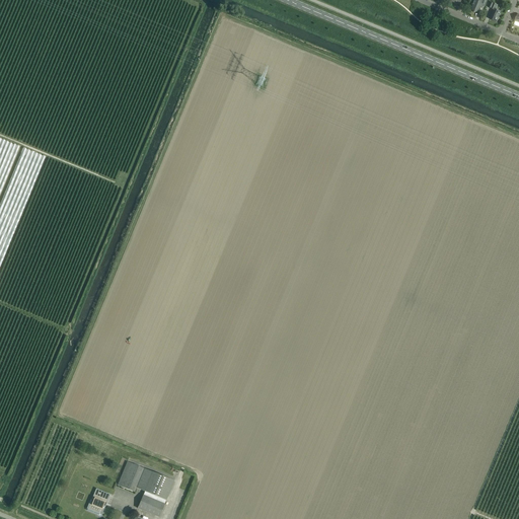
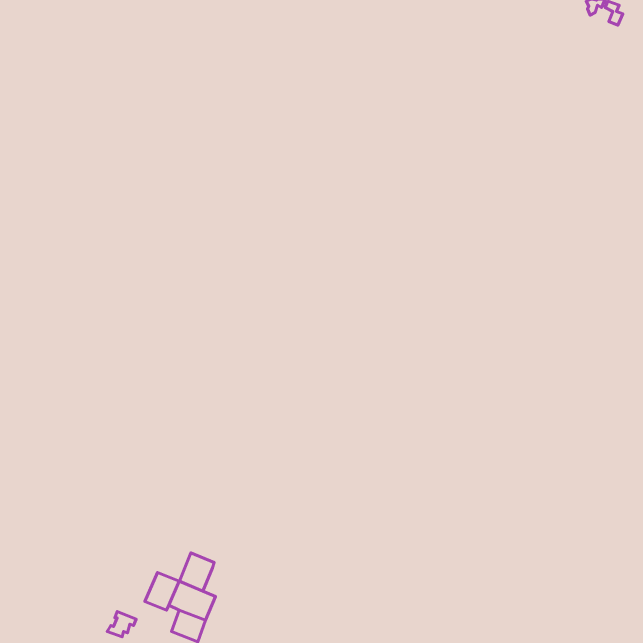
building: none -> [180,553,214,591]

